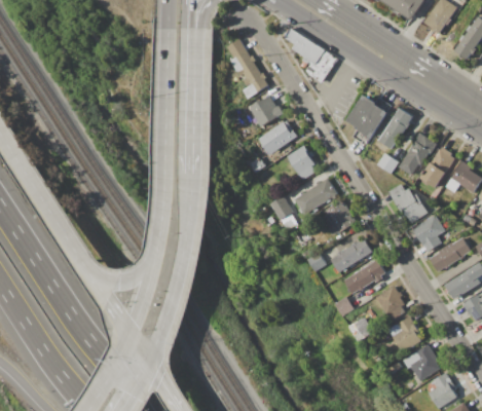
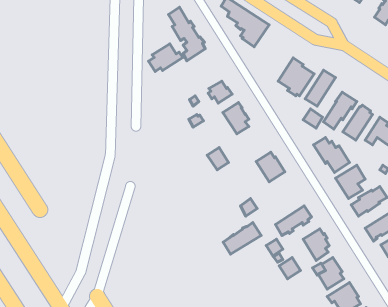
building: [246,97,284,127] -> [149,44,183,71]
building: [295,178,337,215] -> none
building: [330,237,372,272] -> [223,223,261,254]

